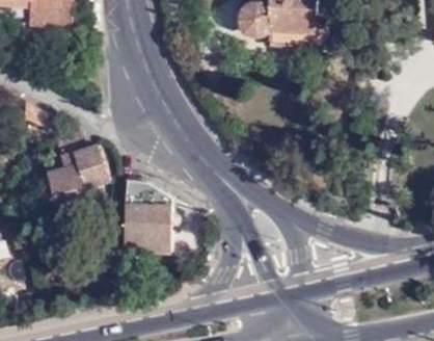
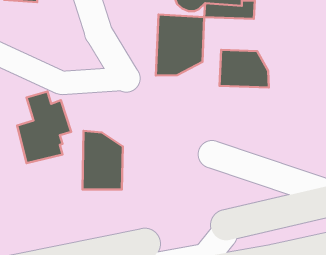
building: none -> [156,14,204,76]
building: none -> [219,50,269,87]

